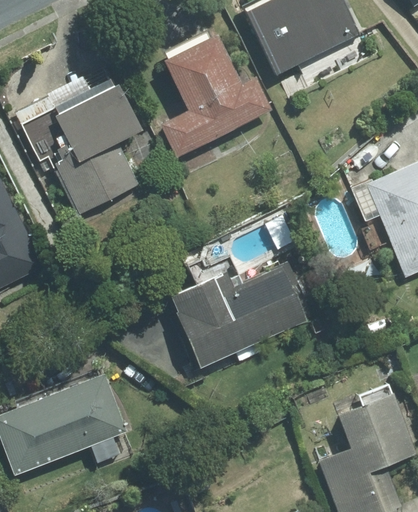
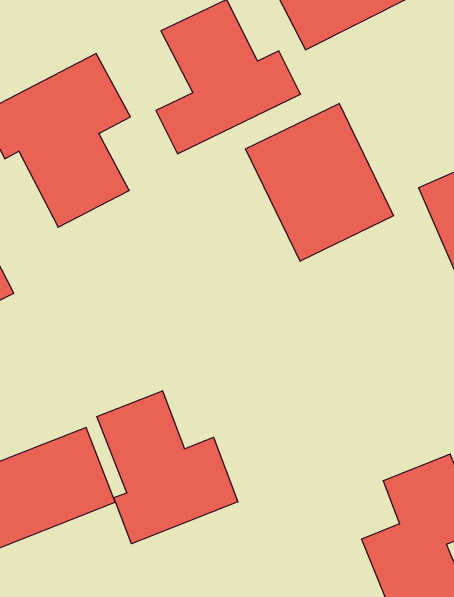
building: none -> [246,103,394,261]
building: [167,261,314,368] -> none
building: none -> [97,391,238,544]

